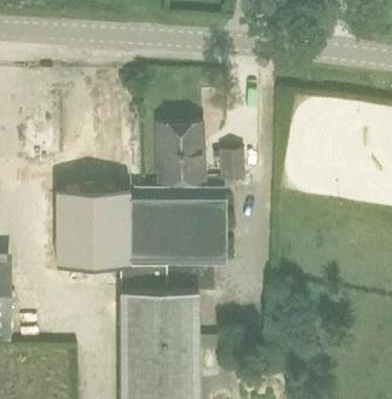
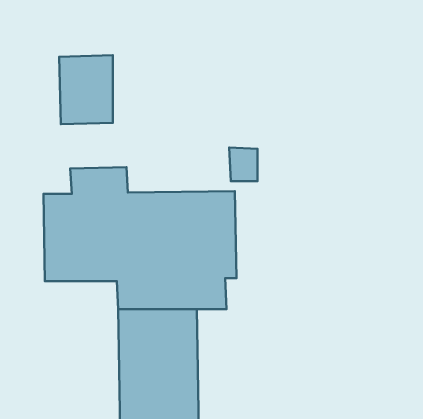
building: [156,121,202,180] -> [59,55,113,124]

